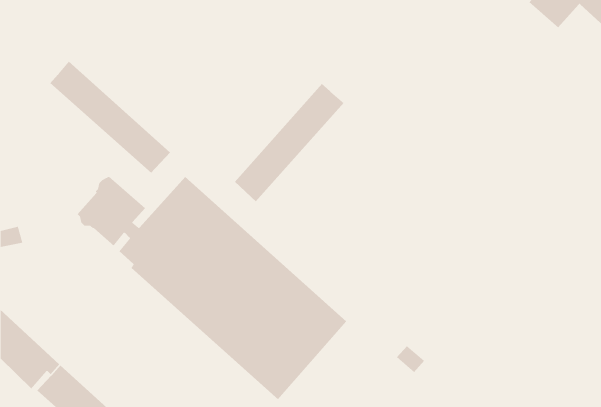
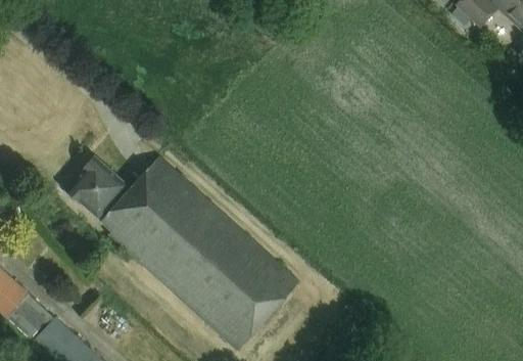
building: [49,61,171,173] -> none
building: [234,83,345,202] -> none

